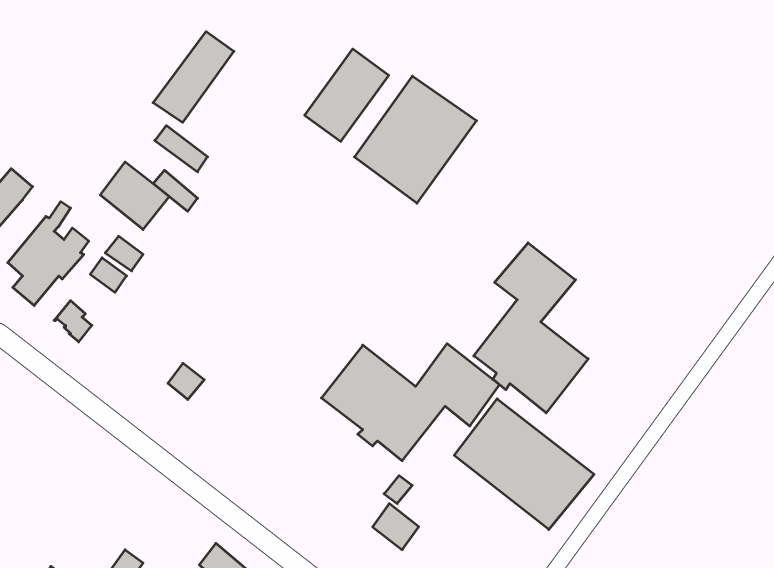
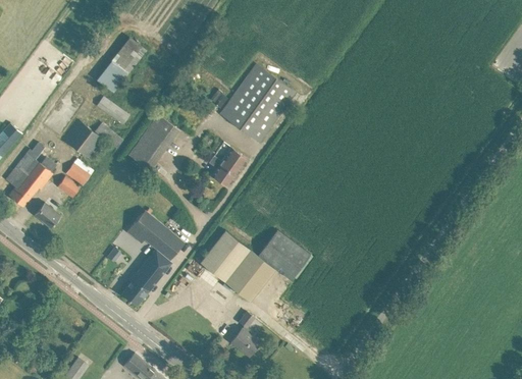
building: [305,49,389,141] -> [128,113,180,170]
building: none -> [210,148,248,187]
building: [474,243,588,413] -> none
building: none -> [122,211,185,306]
building: [454,399,594,530] -> none

